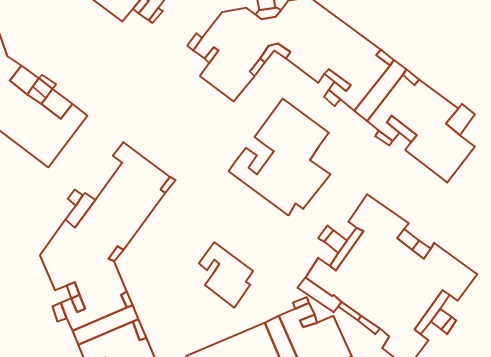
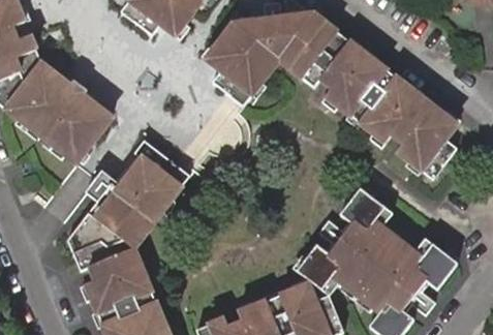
building: [229,99,330,215] -> none
building: [199,242,253,308] -> none

